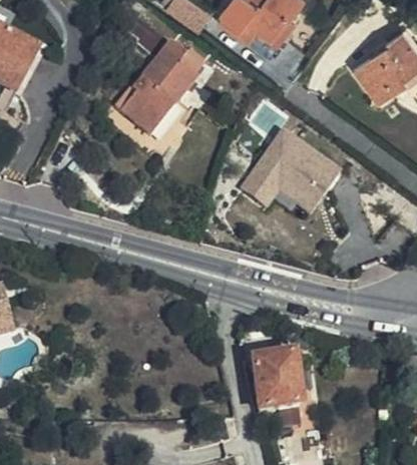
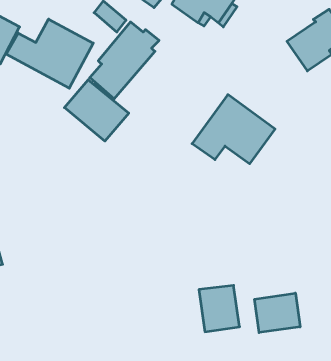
building: none -> [6,19,93,88]
building: none -> [64,80,129,141]
building: none -> [255,293,300,333]

